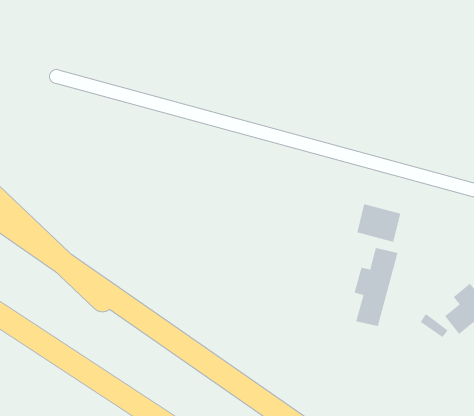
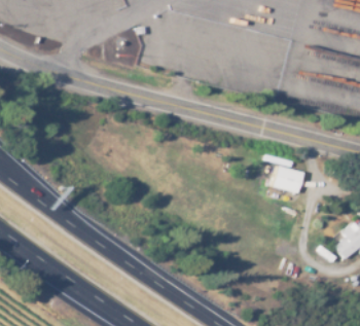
building: [354,247,398,327] -> none

